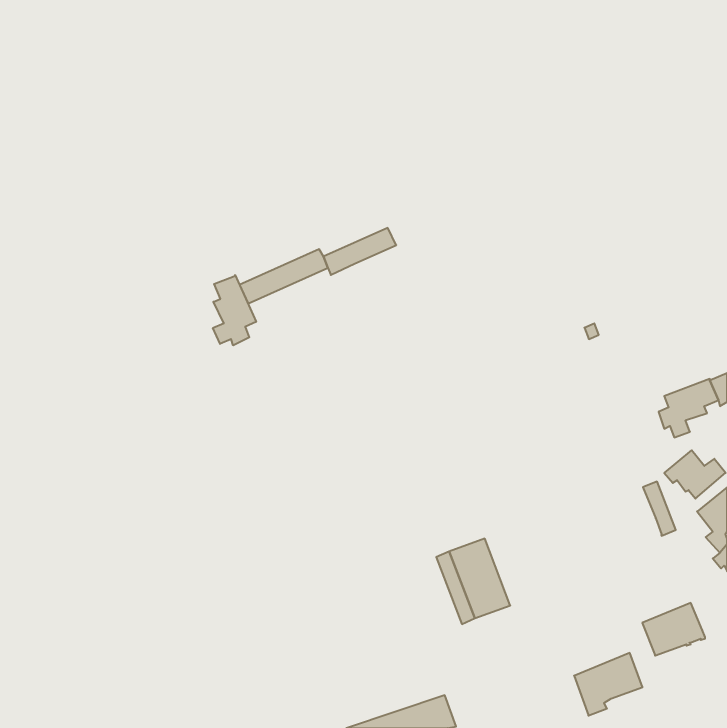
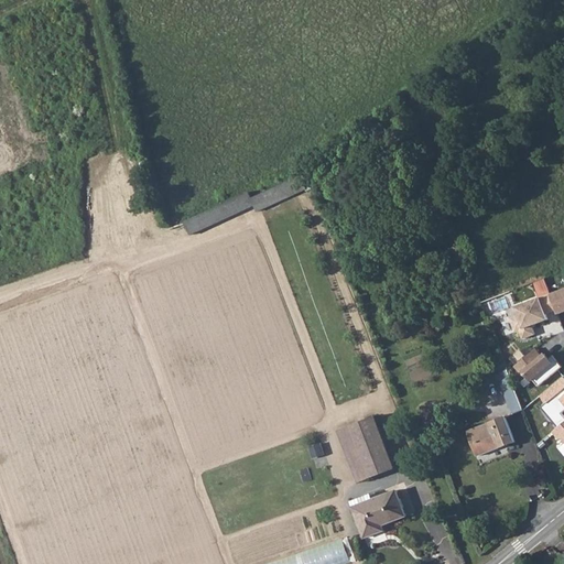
building: [213,275,256,345] -> none
building: [642,603,705,656] -> [466,415,514,456]
building: [574,653,643,716] -> [352,490,405,539]

